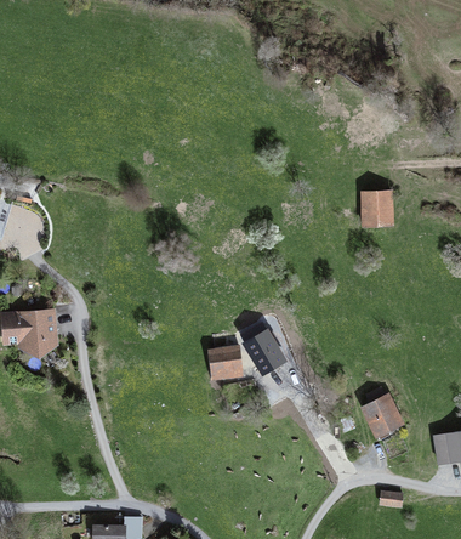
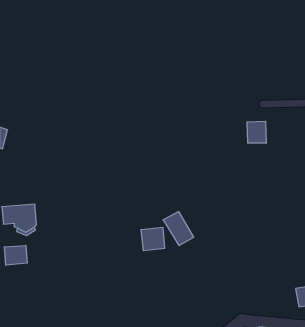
building: none -> [4,245,27,265]
building: [363,390,400,437] -> none

